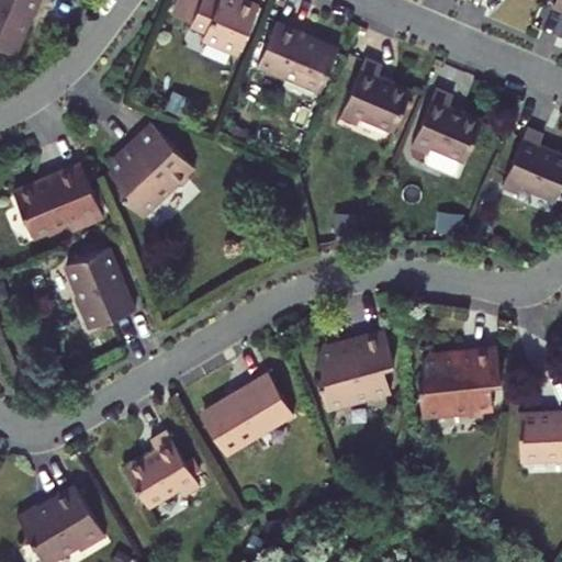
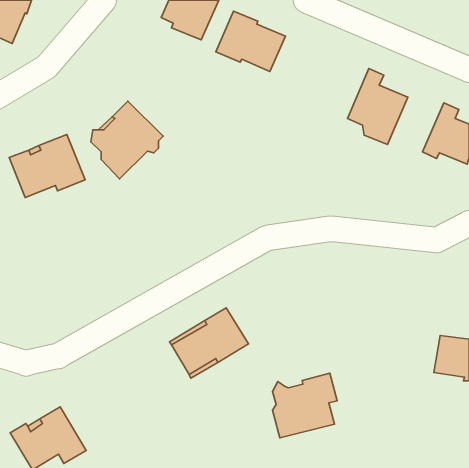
building: [340,58,412,132] -> none
building: [68,249,138,331] -> none
building: [318,329,395,406] -> [272,373,337,438]
building: [422,348,499,416] -> none
building: [125,430,198,505] -> none

